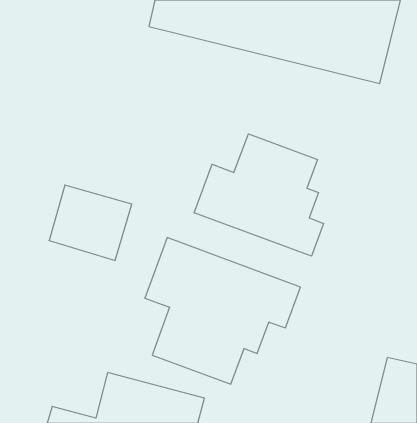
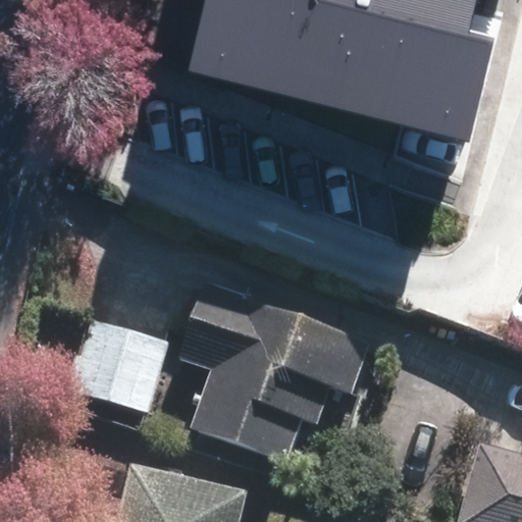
building: [194,134,324,256] -> none
building: [49,185,132,260] -> [67,317,169,410]

